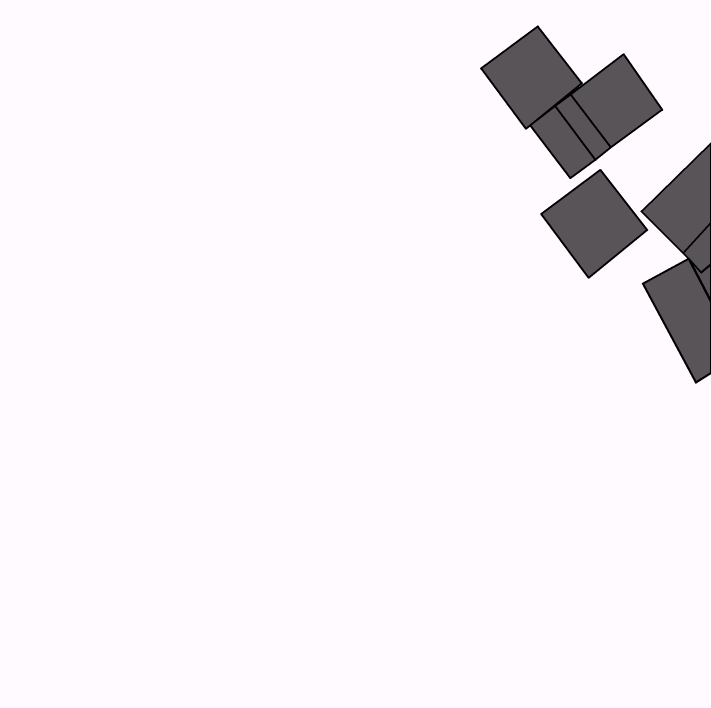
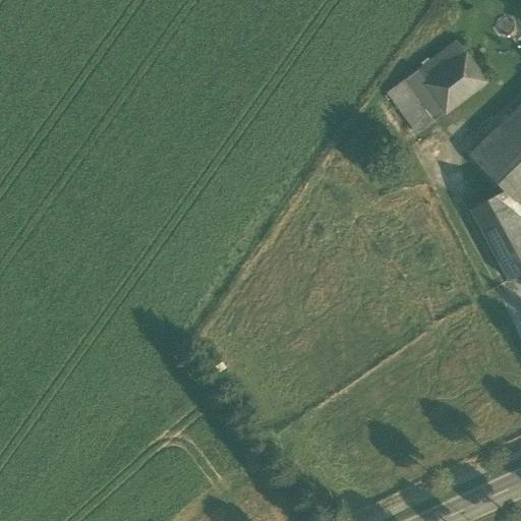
building: [481,26,582,129] -> none
building: [541,170,647,278] -> none

